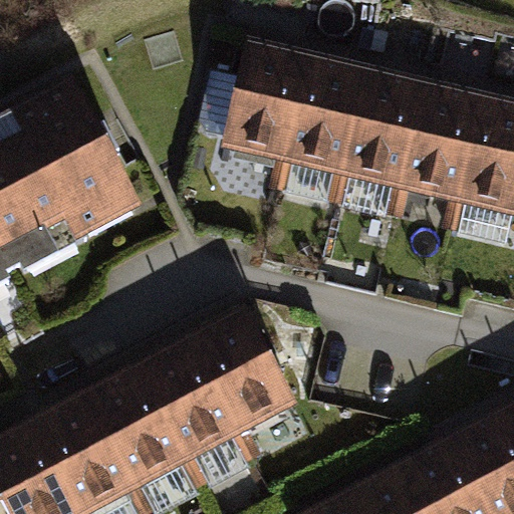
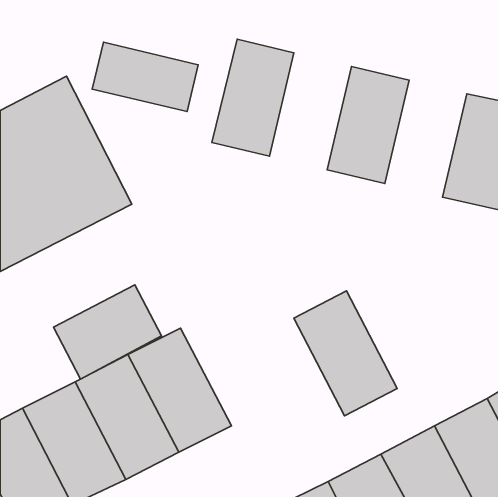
building: none -> [92,42,198,112]
building: [278,56,362,177] -> none
building: [397,84,481,205] -> none
building: none -> [54,285,162,379]
building: [187,311,293,440] -> [294,291,397,416]

